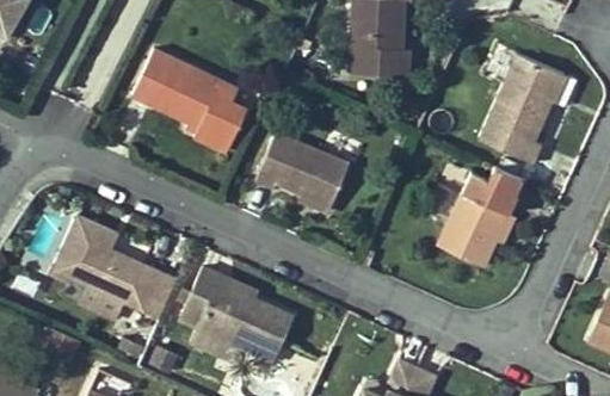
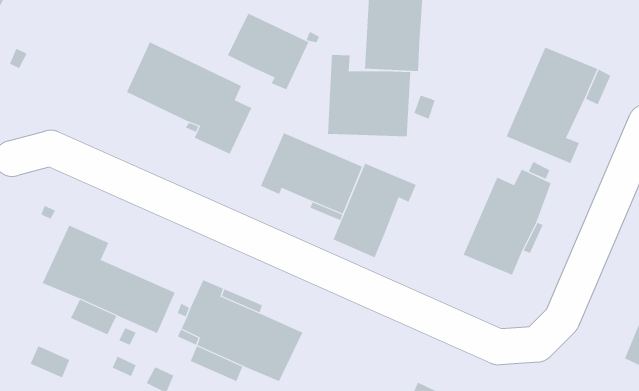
building: none -> [227,13,309,90]
building: none -> [328,54,411,137]
building: none -> [333,163,416,258]

